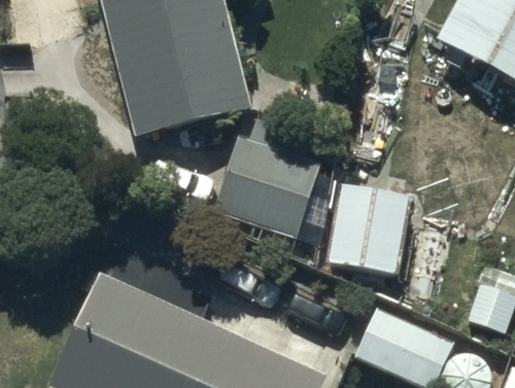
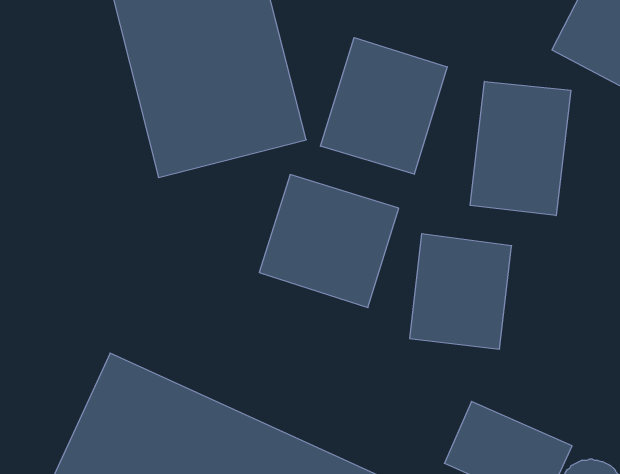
building: none -> [320,38,447,174]
building: none -> [470,81,571,216]

